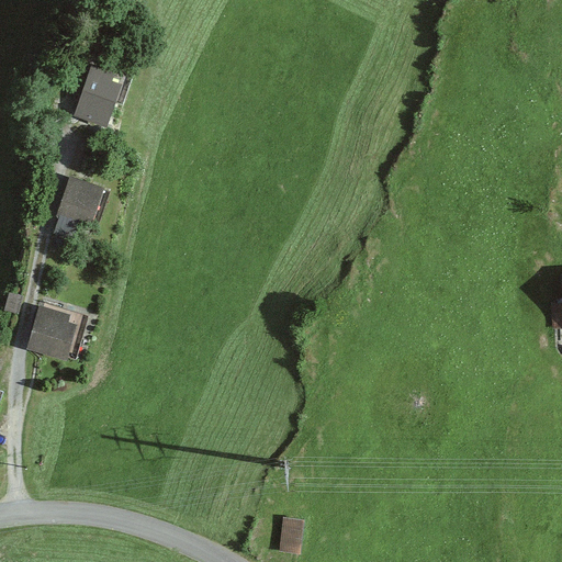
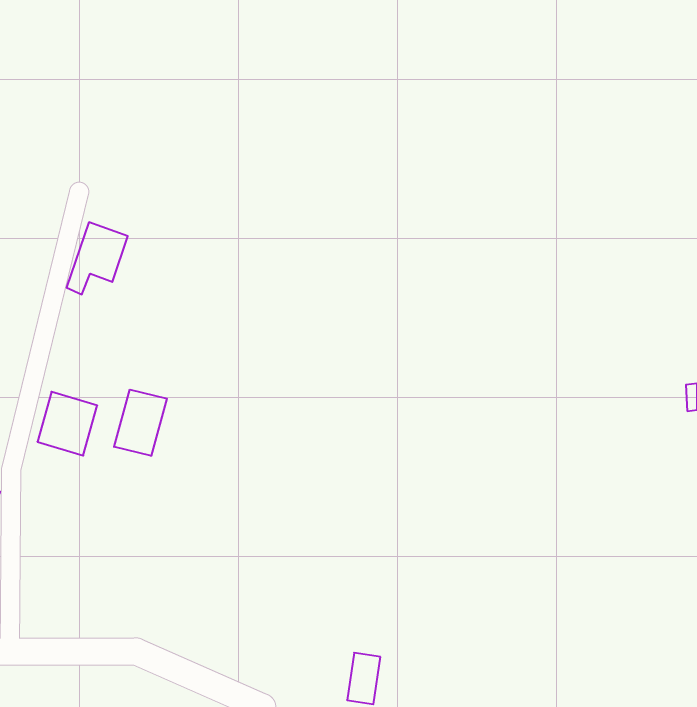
building: [85,70,127,115] -> none
building: none -> [114,390,167,456]

